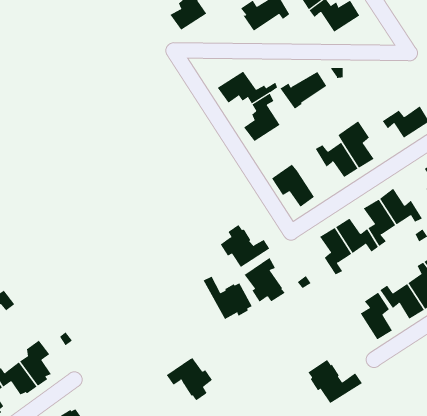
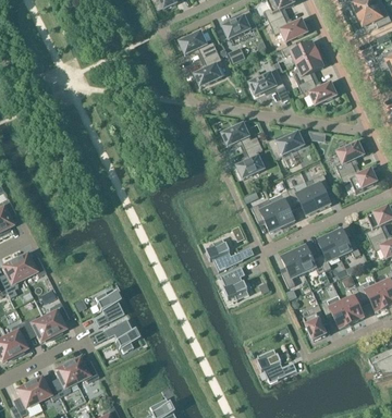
building: none -> [336,140,364,176]
building: none -> [272,189,295,225]
building: [203,276,253,320] -> none
building: none -> [94,292,123,327]
building: [166,357,213,401] -> [103,318,138,352]

